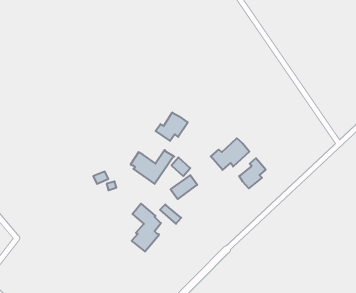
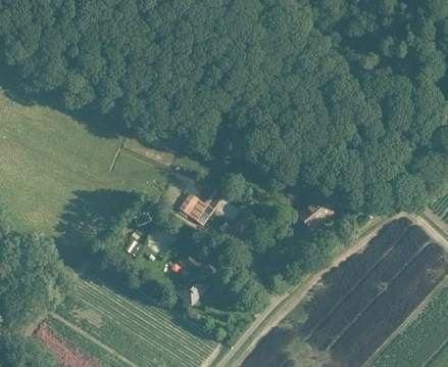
building: [156,112,188,141] -> none
building: [211,138,249,170] -> none

